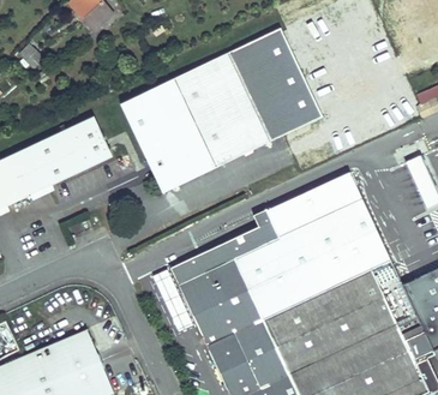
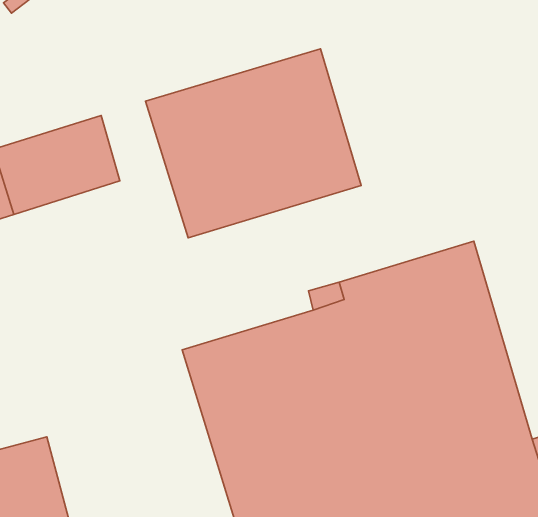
building: [232,32,320,140] -> none

